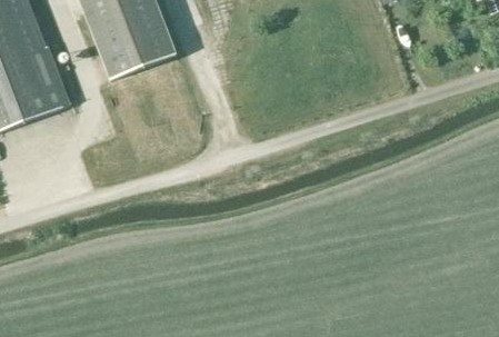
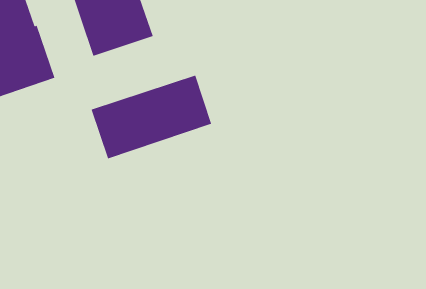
building: none -> [90,75,212,159]

